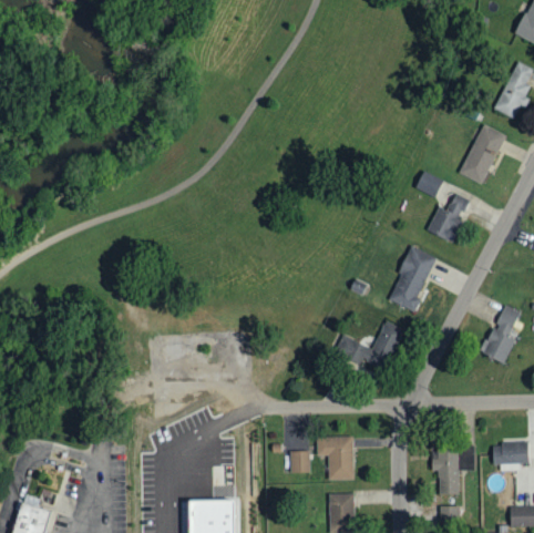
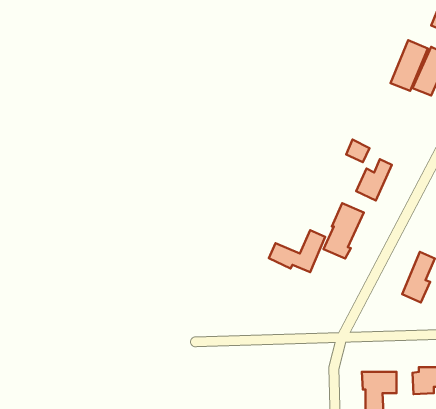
building: [461,124,505,184] -> [391,40,428,91]
building: [336,320,402,370] -> [269,230,325,272]
building: [317,437,355,480] -> none
building: [290,451,310,473] -> none

